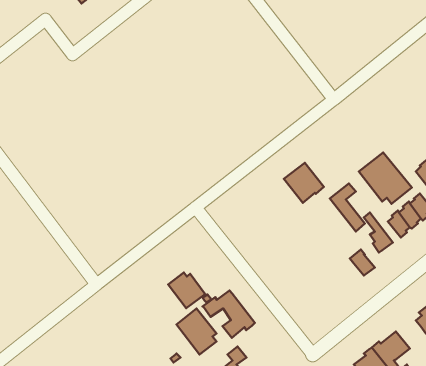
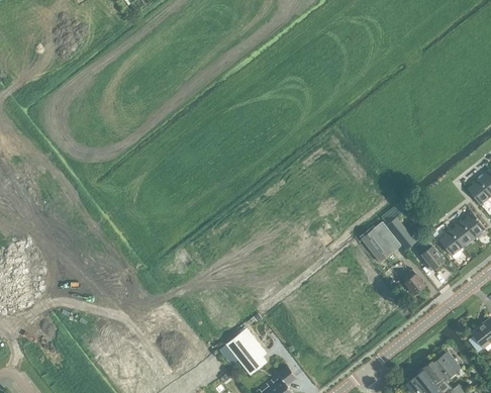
building: [359,152,412,204] -> none
building: [284,163,324,203] -> [360,221,400,262]
building: [168,273,205,308] -> none
building: [202,290,255,338] -> none

